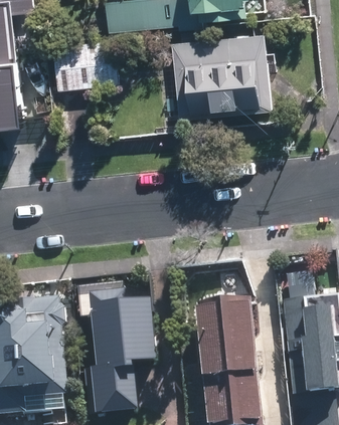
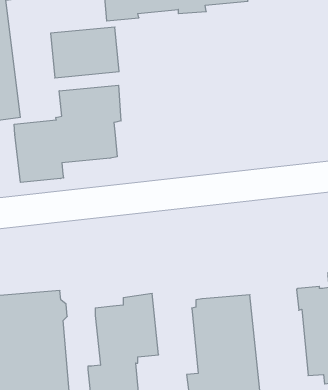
building: [171,33,270,119] -> none
building: none -> [14,85,121,182]

